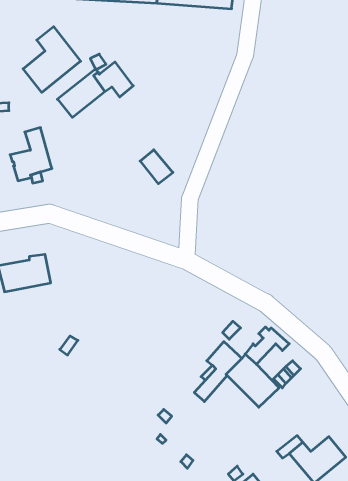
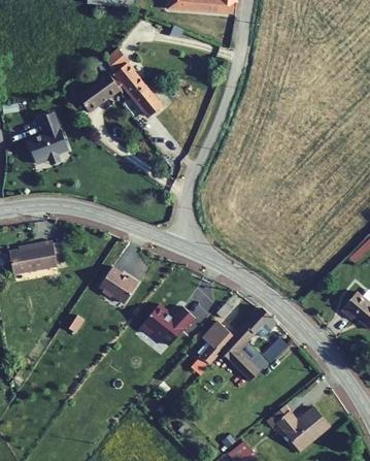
building: [23,27,81,92] -> none
building: [140,150,173,184] -> [125,86,155,117]
building: none -> [101,264,140,301]
building: none -> [143,302,197,343]

